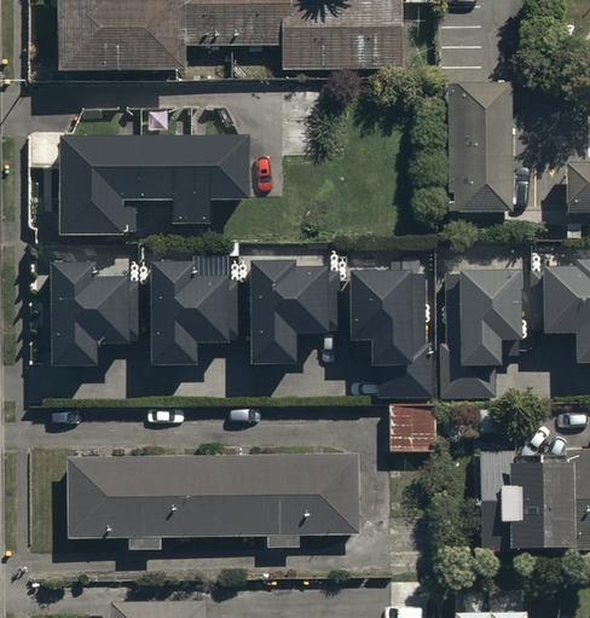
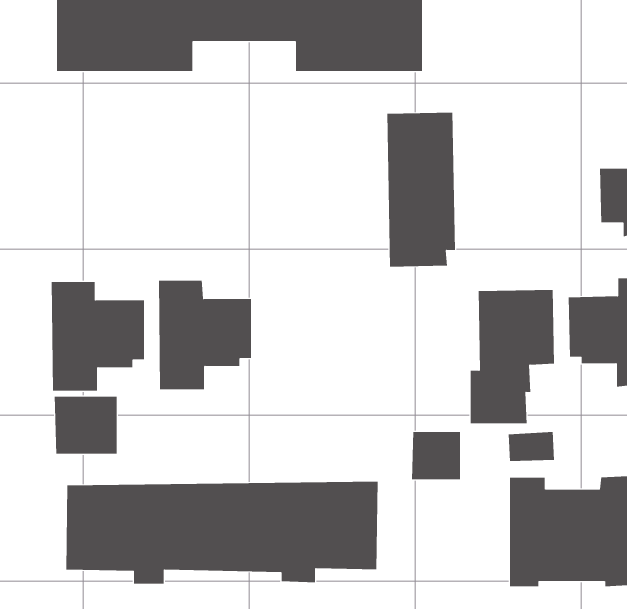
building: [445,81,509,225] -> [387,112,456,267]
building: [59,132,254,235] -> none
building: [253,264,340,365] -> none
building: [353,273,432,397] -> none
building: none -> [54,396,117,454]

